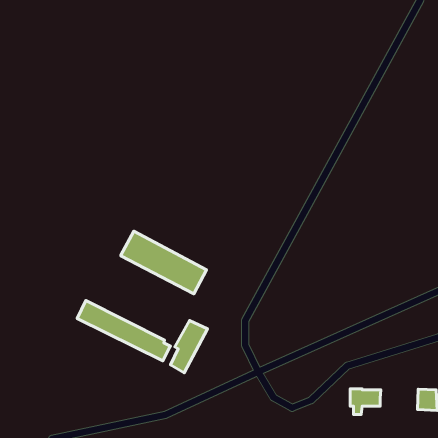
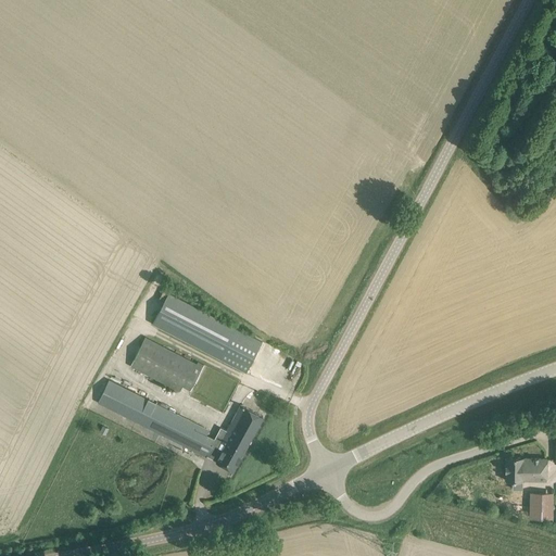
building: none -> [130,339,203,392]
building: [350,389,381,415] -> [508,458,547,491]

